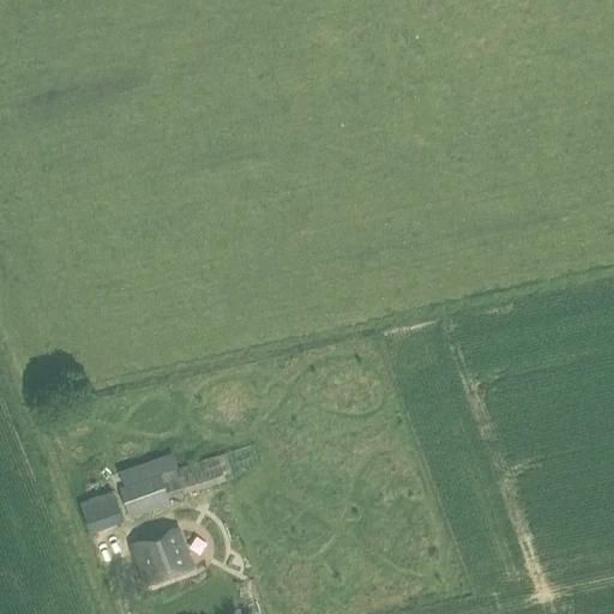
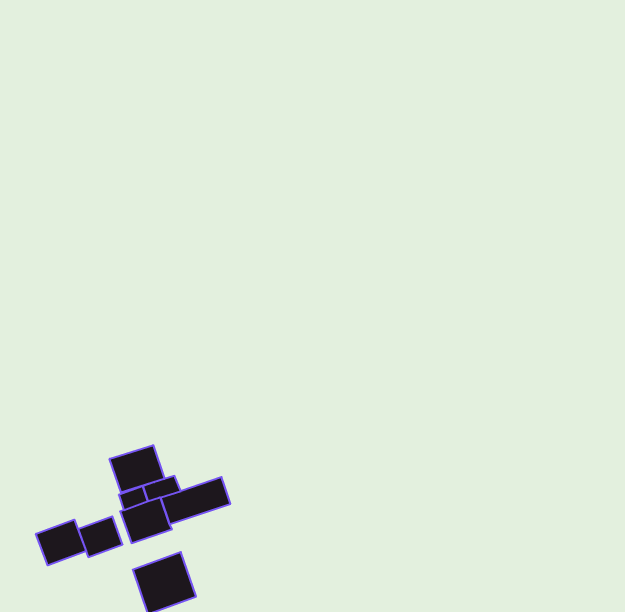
building: none -> [110,445,165,493]
building: none -> [36,520,86,565]

